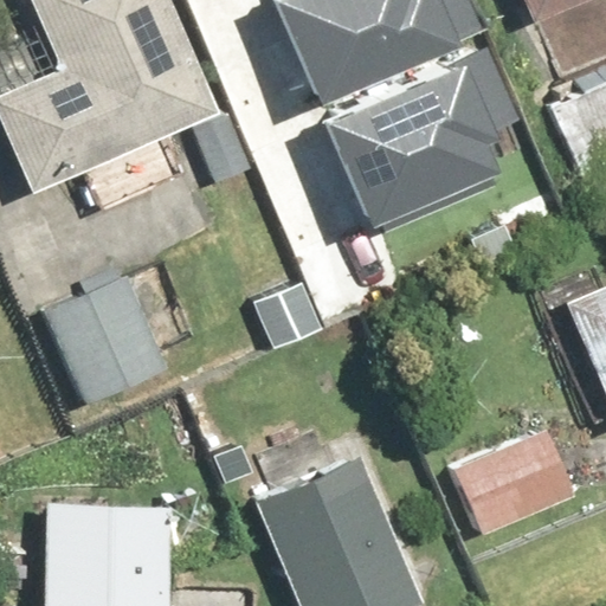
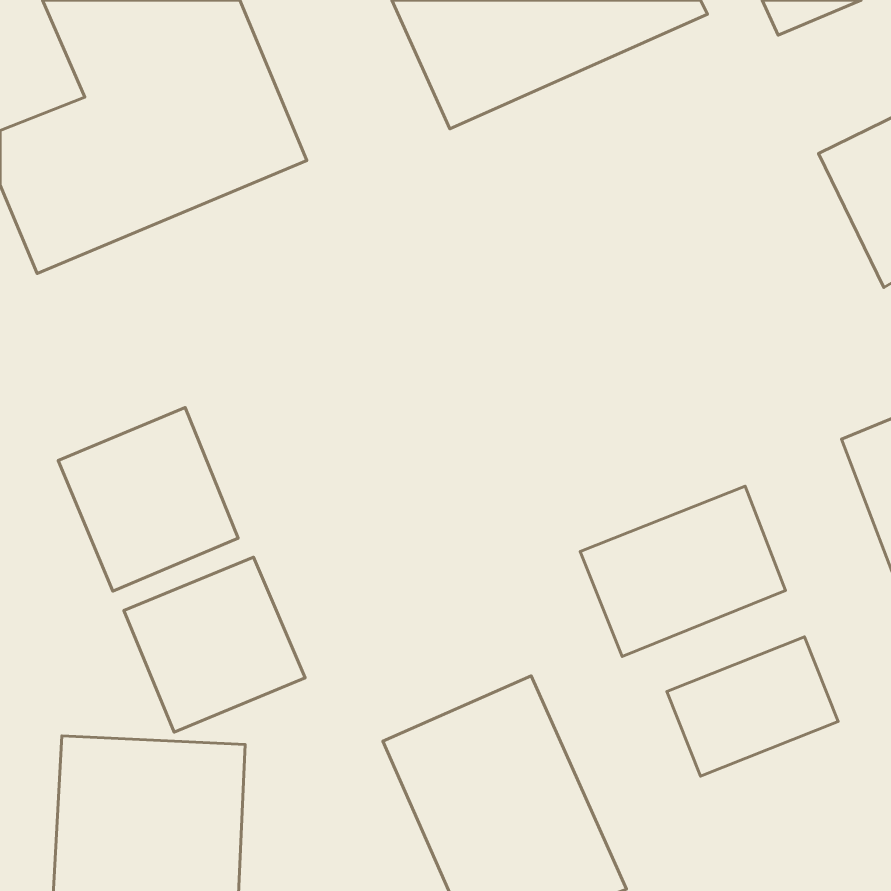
building: [316,34,523,223] -> none
building: none -> [580,486,786,657]
building: none -> [124,557,305,732]

